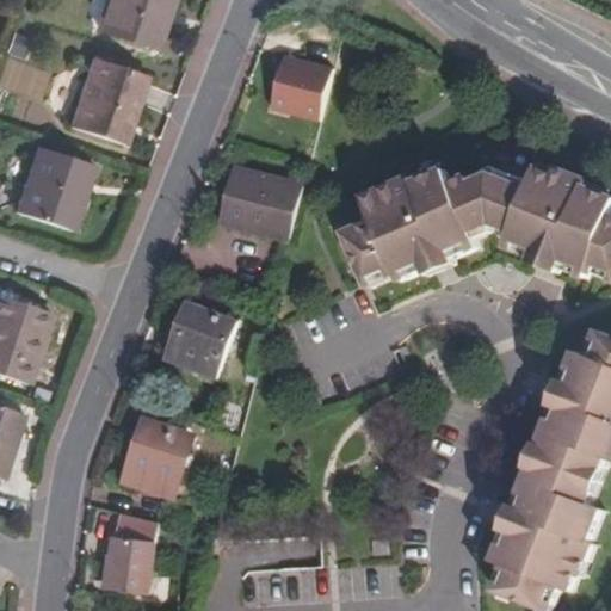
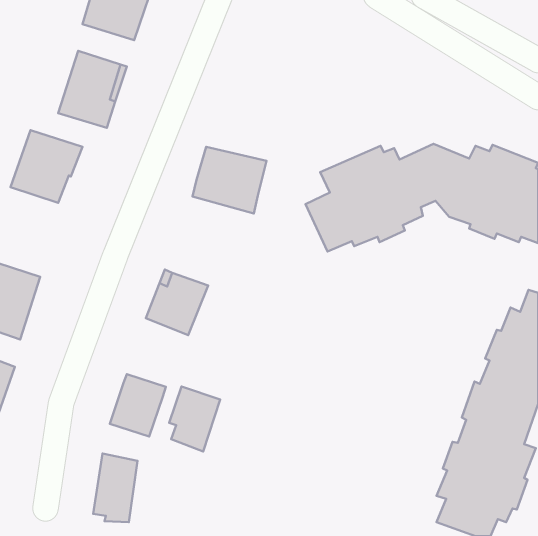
building: [270,49,335,118] -> none
building: none -> [169,387,220,452]

